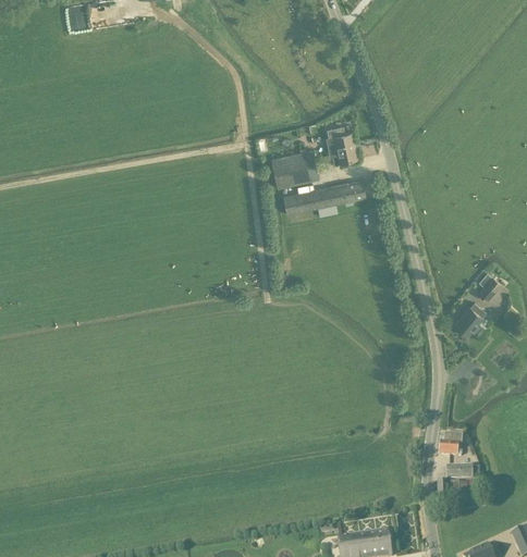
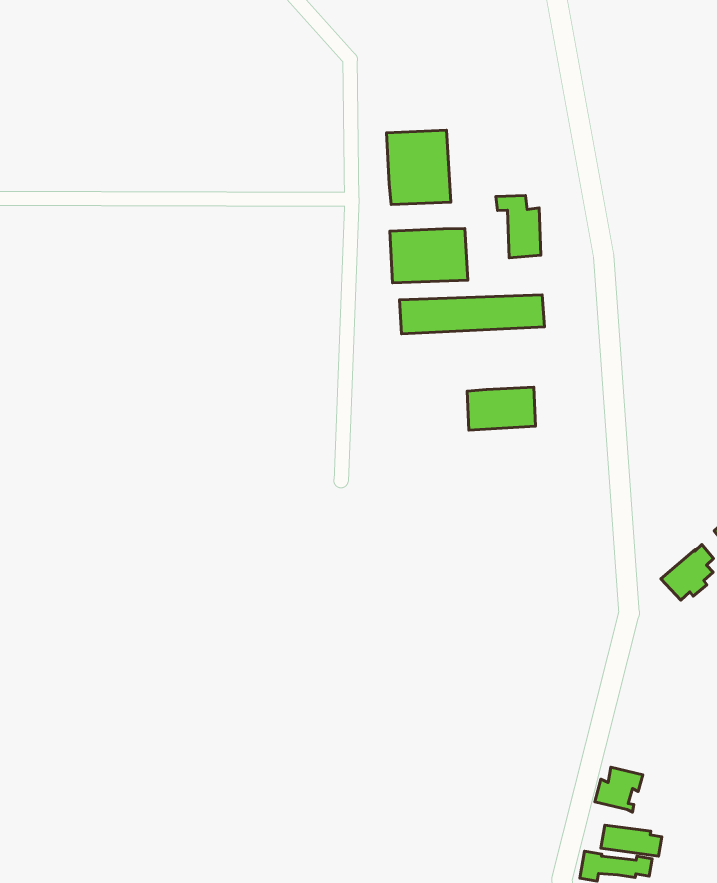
building: none -> [387,130,451,205]
building: none -> [467,387,535,430]

